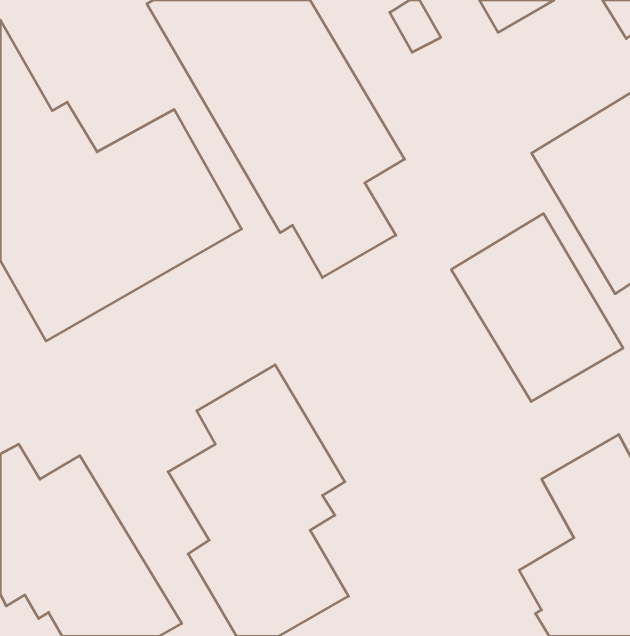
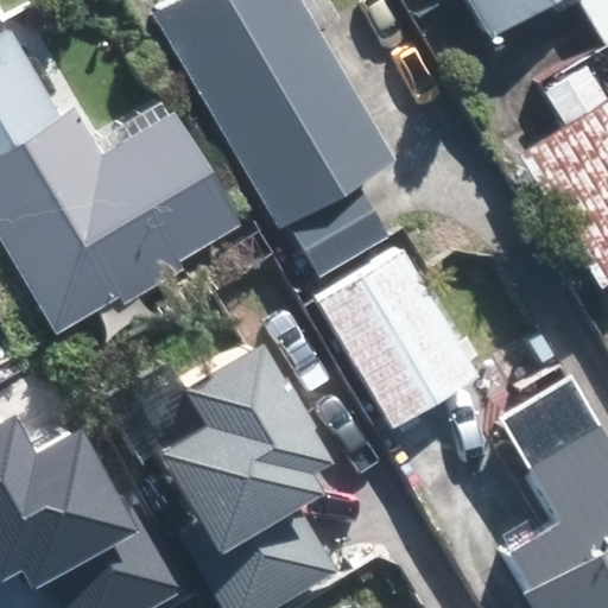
building: [451,214,623,402] -> [310,240,474,419]

